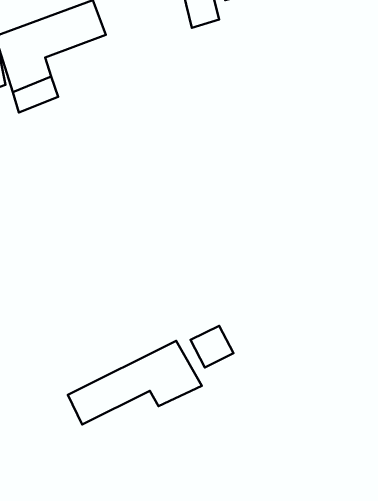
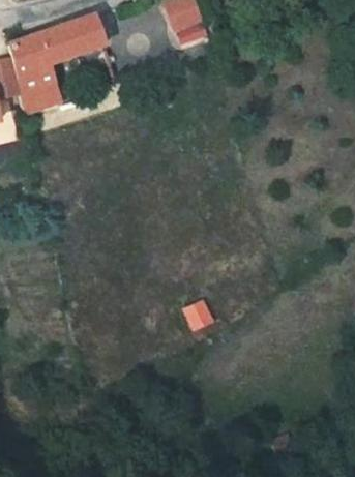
building: [68,341,202,424] -> none

